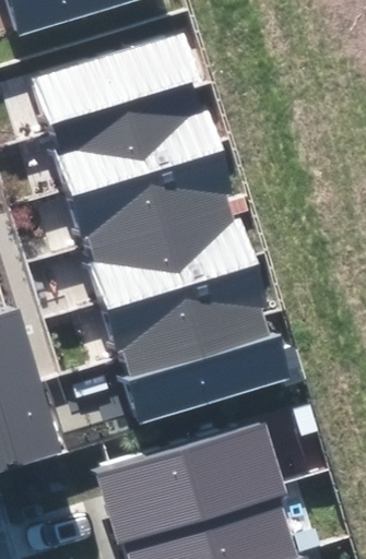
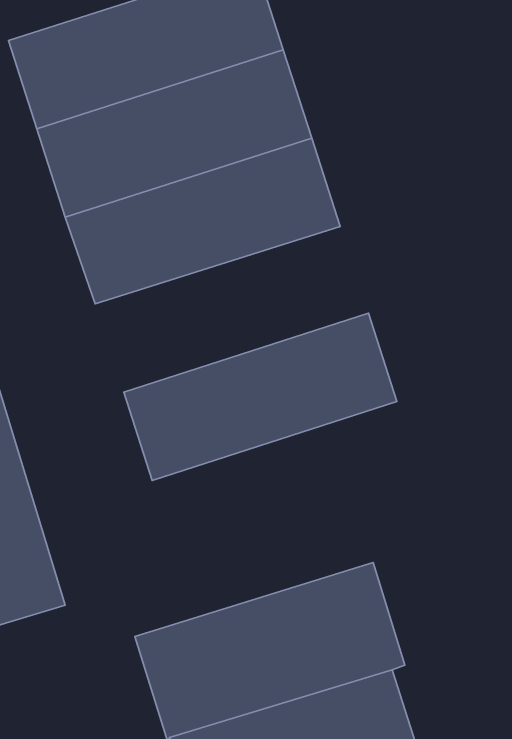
building: [72,193,261,308] -> none
building: [111,314,302,430] -> none

